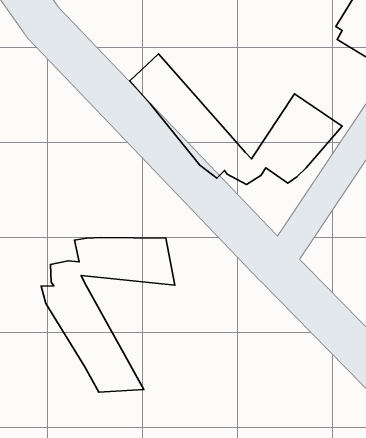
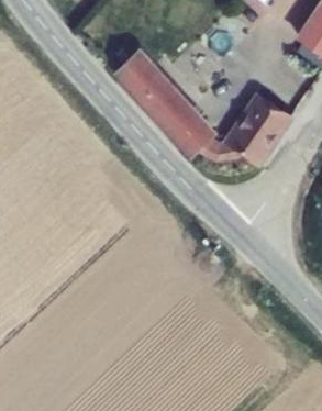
building: [41,238,175,392] -> none

